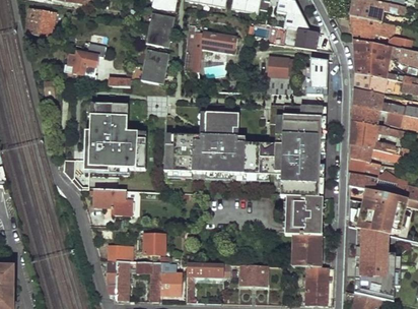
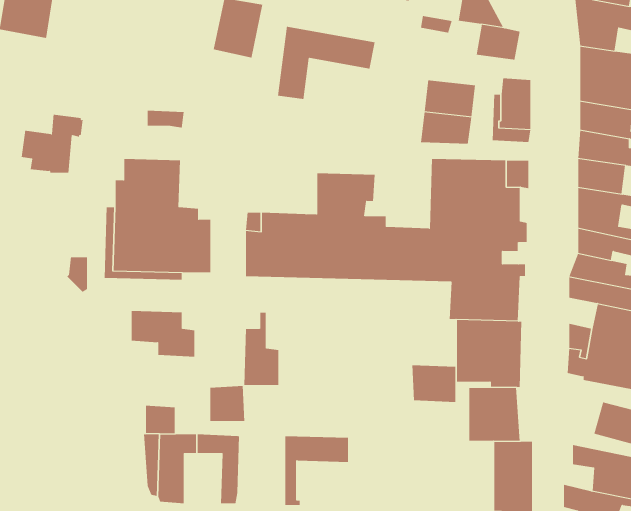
building: [69,40,104,73] -> [21,114,83,173]
building: [141,50,169,84] -> none
building: [160,253,181,295] -> [243,312,279,386]
building: [241,263,267,285] -> [411,365,456,402]

